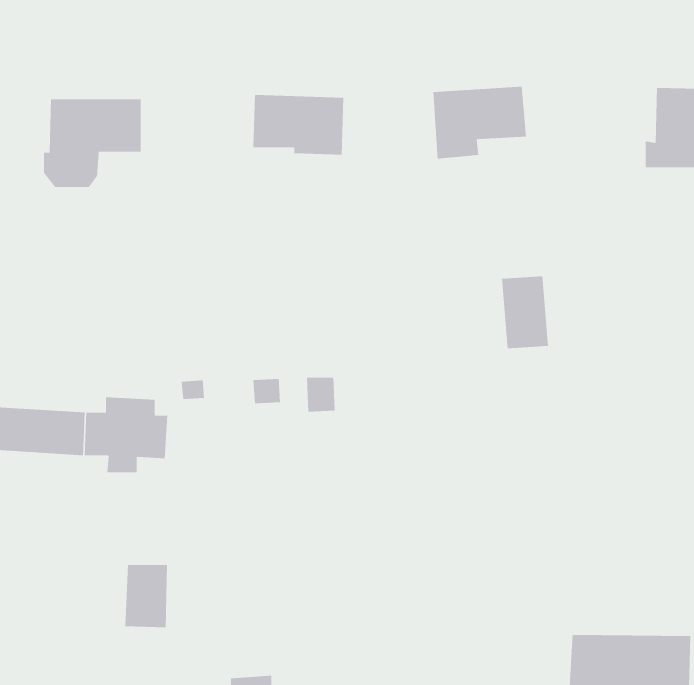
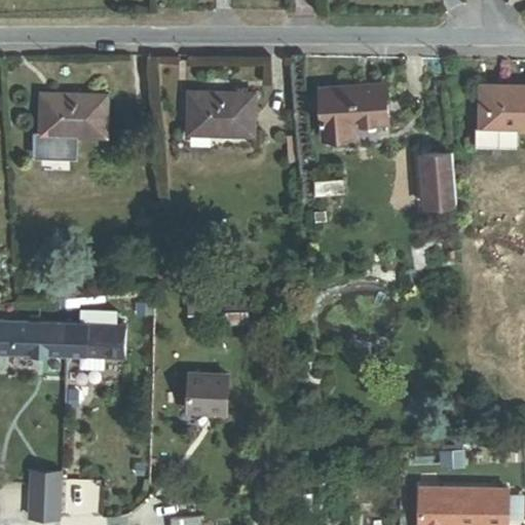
building: [501,276,549,349] -> [421,153,456,207]
building: none -> [187,373,228,414]
building: [124,565,168,628] -> [29,472,61,518]

